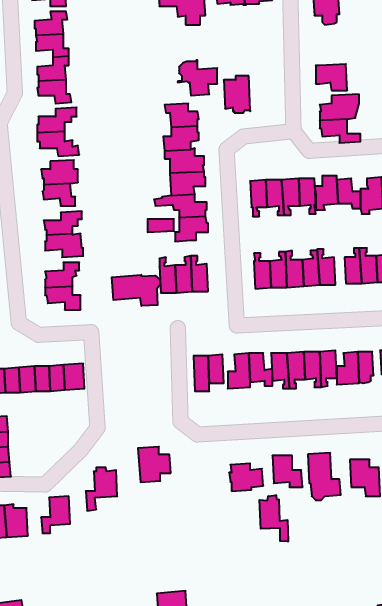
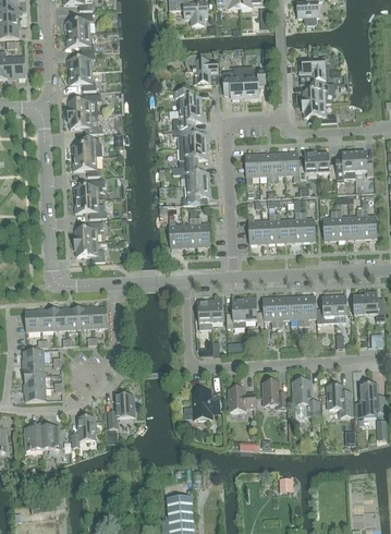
building: none -> [244,65,266,96]
building: [112,275,160,306] -> none
building: [138,447,171,482] -> [193,389,220,418]
building: [259,495,288,542] -> none

